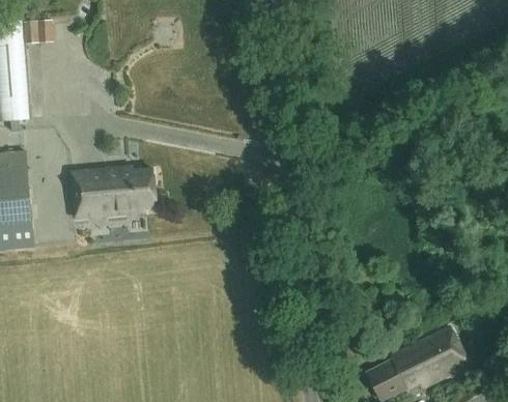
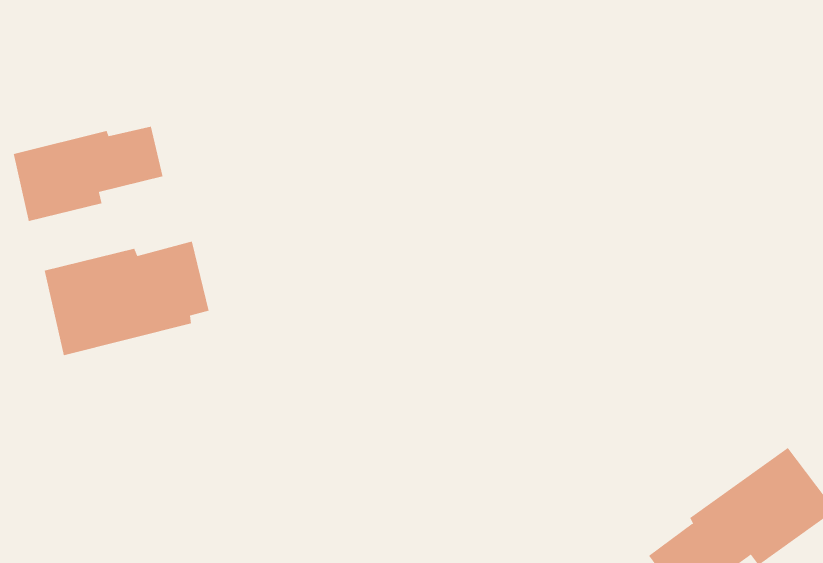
building: none -> [13,126,163,222]

